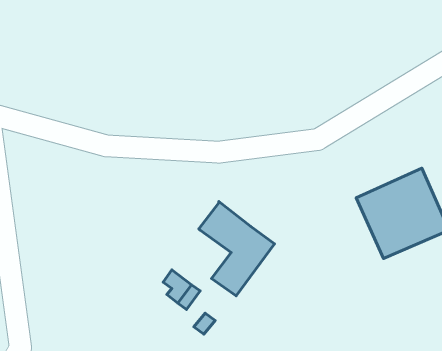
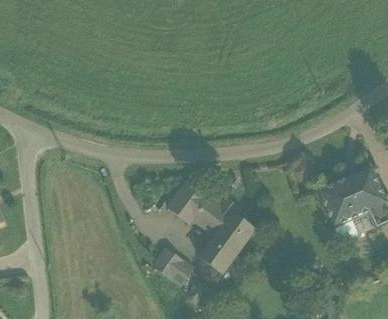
building: none -> [168,183,207,224]

